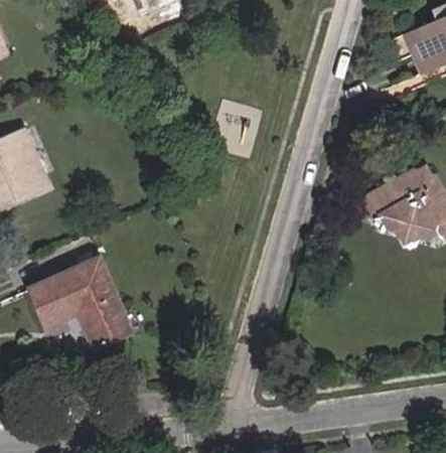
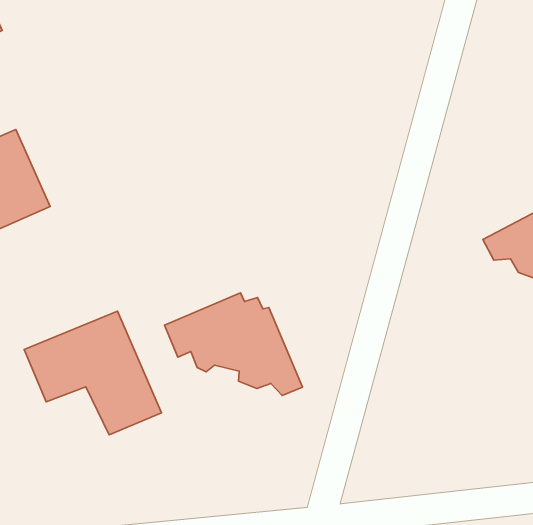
building: none -> [165,293,302,395]

